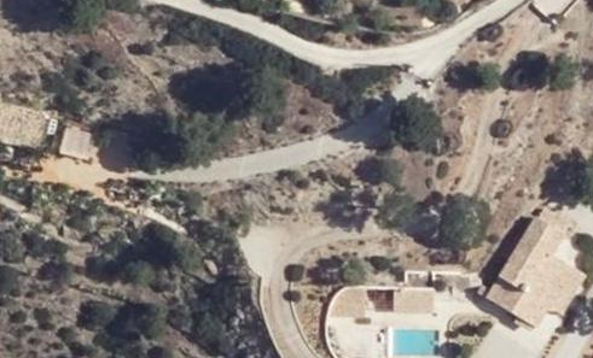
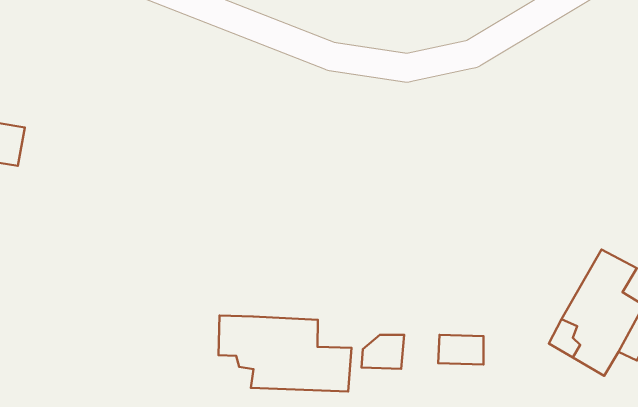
building: none -> [219,316,352,391]

